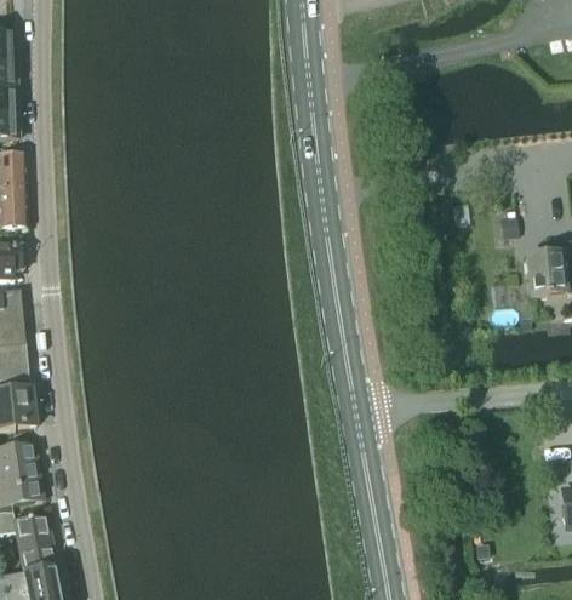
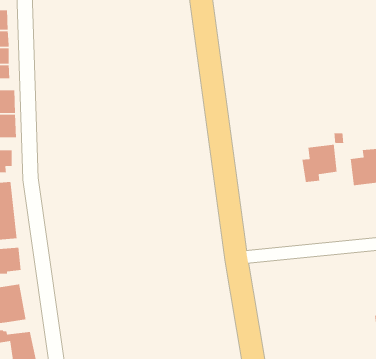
building: none -> [302,144,337,183]

